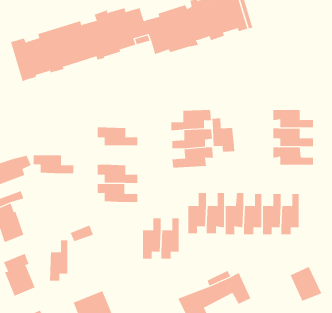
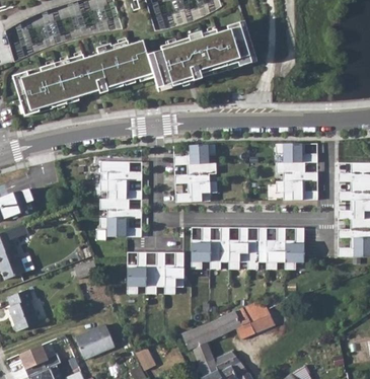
building: [212,118,235,152] -> none
building: [33,155,74,174] -> [99,179,141,199]
building: [49,240,68,281] -> [126,251,145,293]
building: [290,266,322,301] -> [242,297,275,332]

